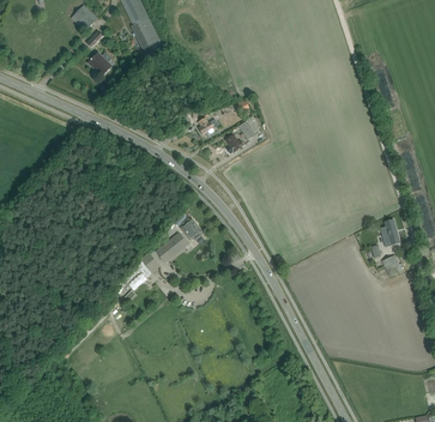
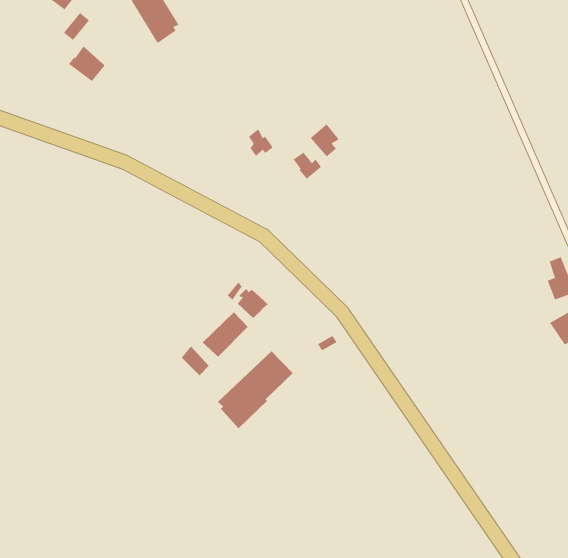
building: none -> [217,350,294,429]

